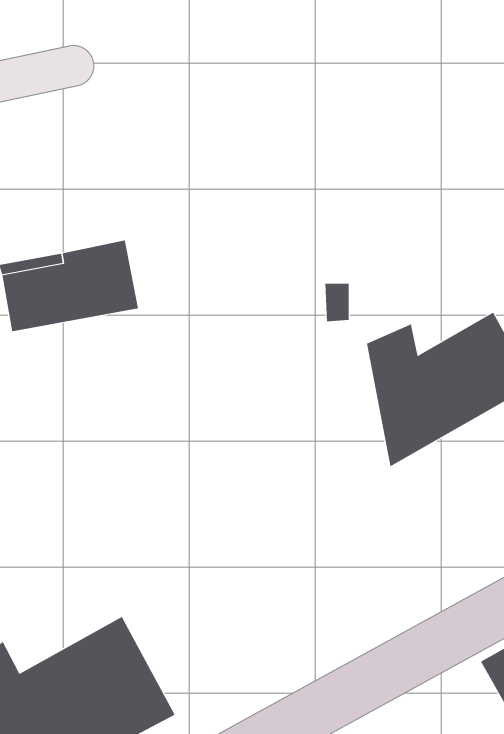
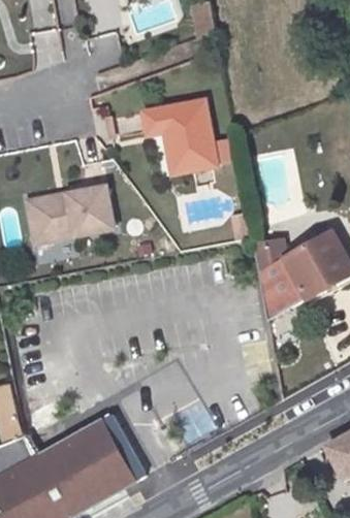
building: none -> [145,100,219,175]

